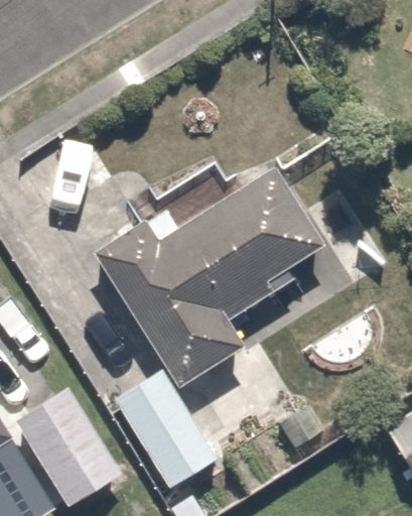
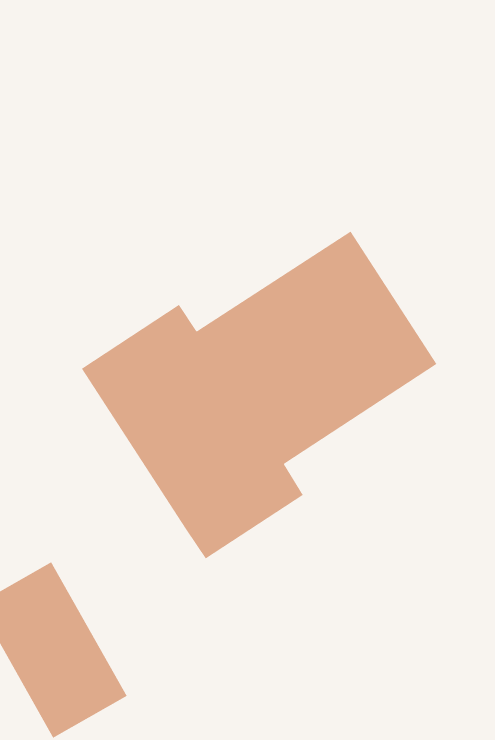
building: [110,367,221,492] -> none

